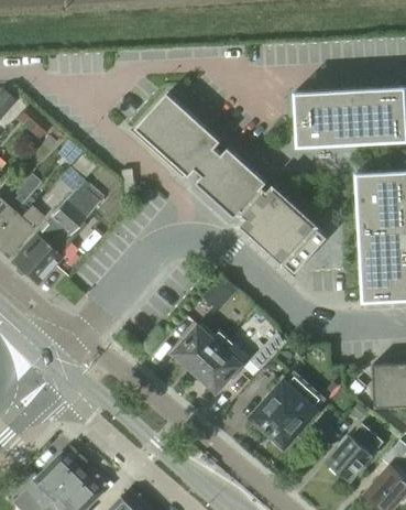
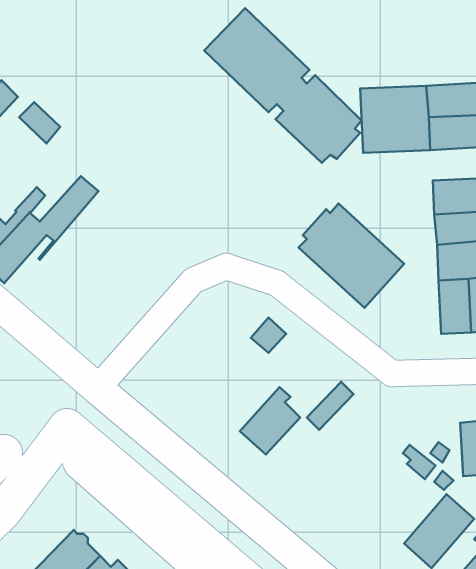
building: [140,94,266,218] -> [204,8,362,163]
building: [12,180,100,284] -> none
building: [175,324,228,372] -> none
building: [253,381,318,446] -> none

